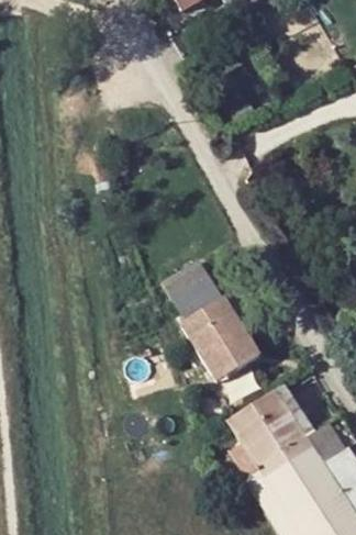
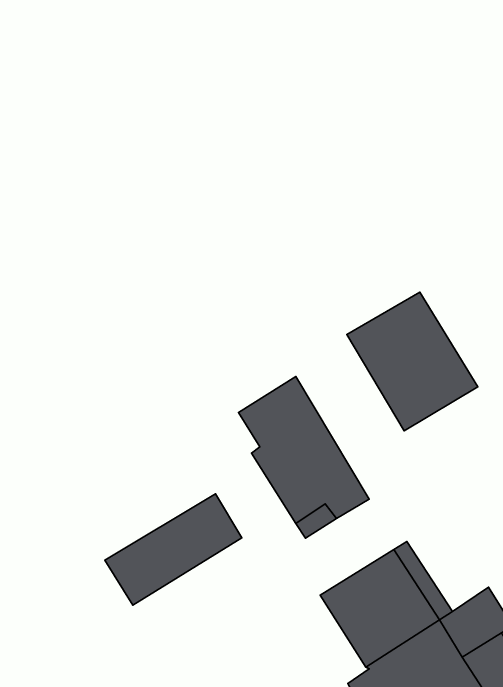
building: none -> [347,292,478,431]
building: none -> [105,494,242,605]

